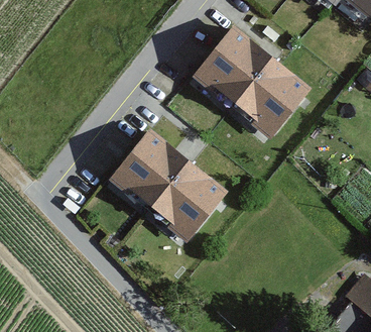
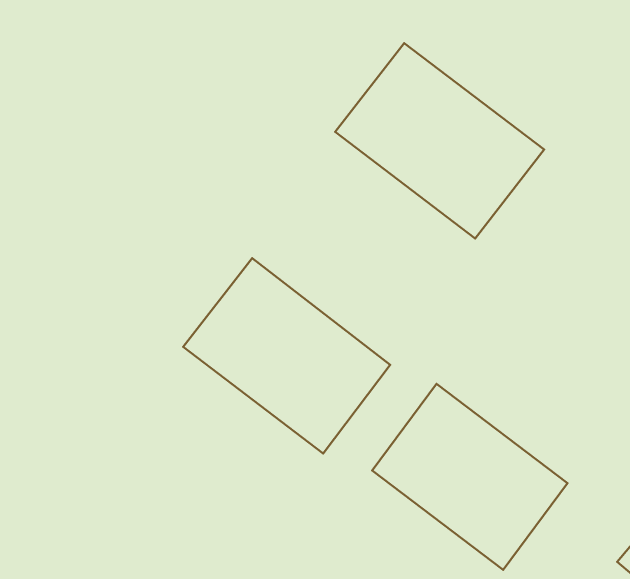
building: none -> [372,384,568,570]

